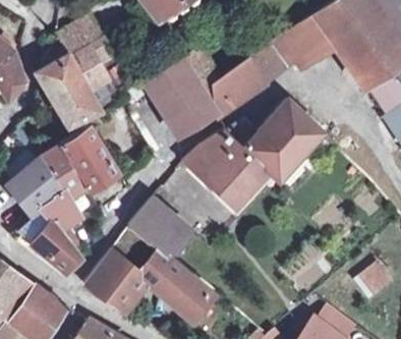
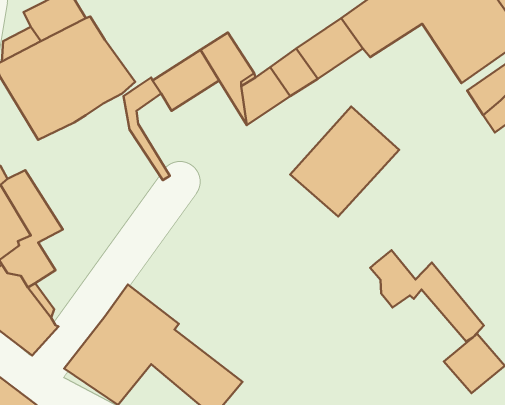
building: [161,82,214,134] -> none
building: [58,126,118,190] -> none
building: [187,132,266,204] -> none
building: [130,199,187,253] -> none
building: none -> [370,250,484,342]

